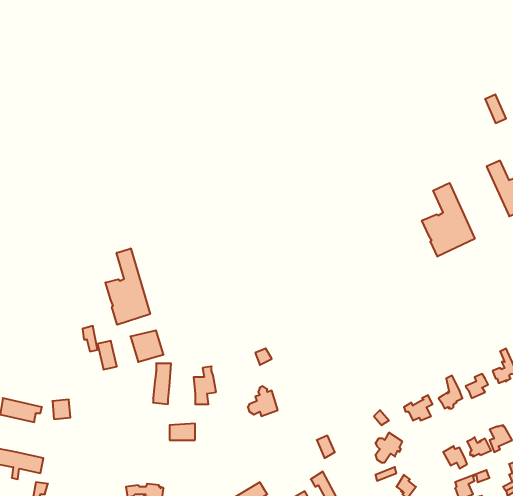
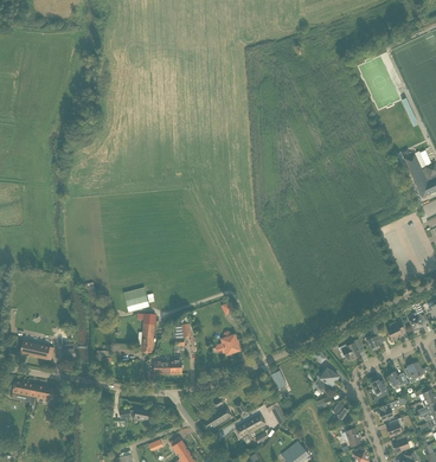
building: [422,183,475,257] -> none
building: [105,248,150,325] -> none

